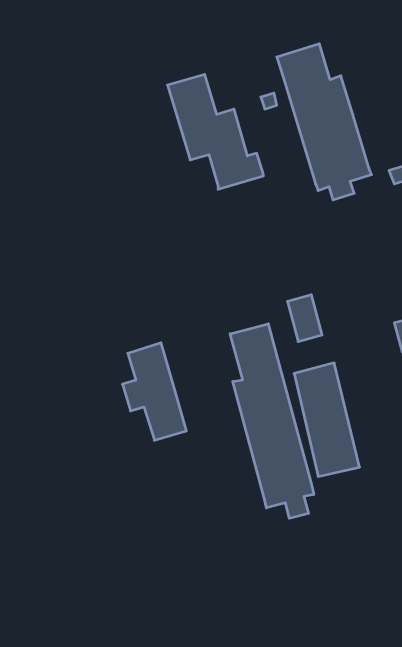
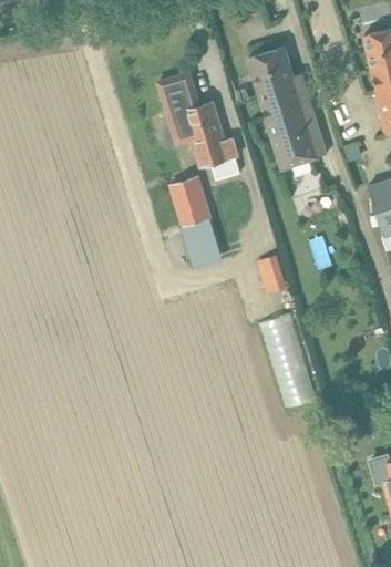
building: [230,324,314,518] -> none
building: [122,343,186,440] -> [165,175,218,256]

